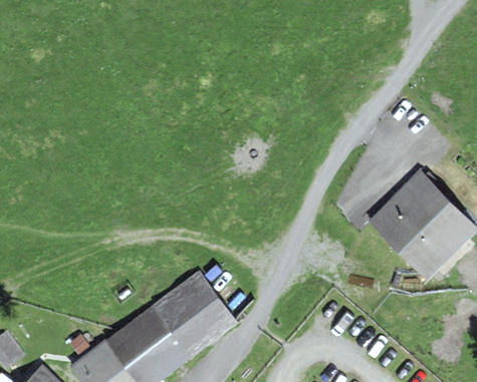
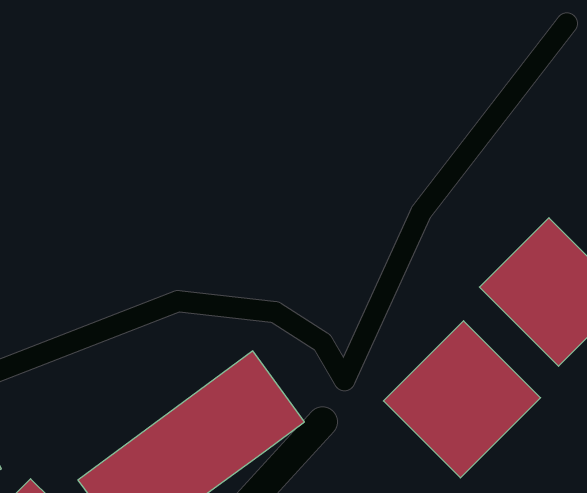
building: none -> [383,321,541,478]

